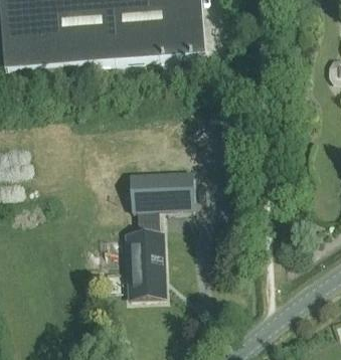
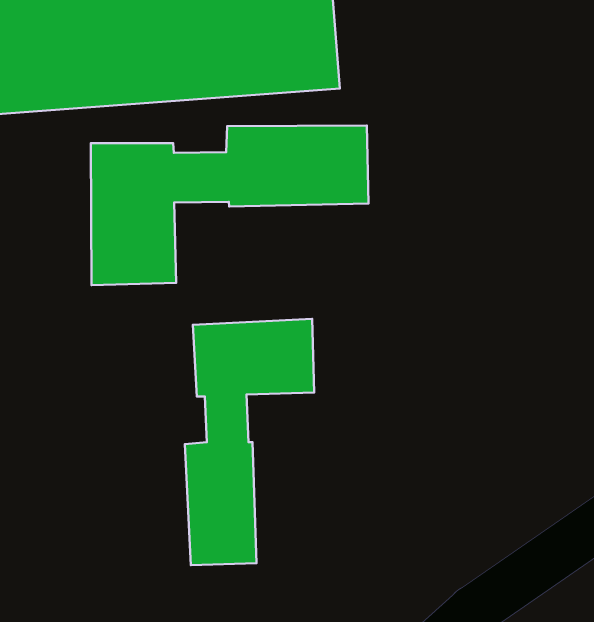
building: none -> [91,125,369,285]

